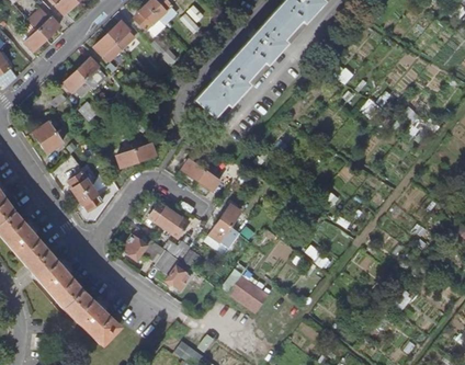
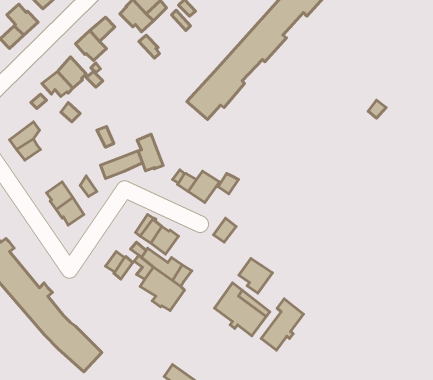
building: none -> [137,134,163,171]
building: [209,220,240,252] -> [239,258,272,293]
building: none -> [261,299,304,350]

